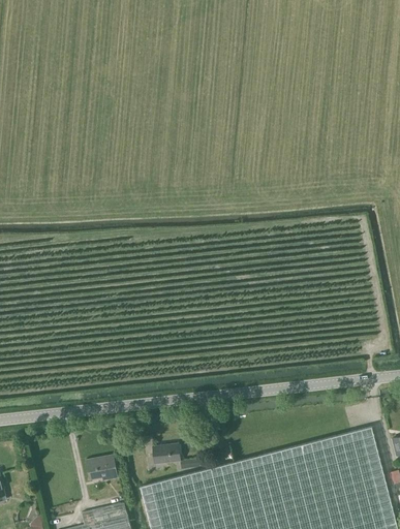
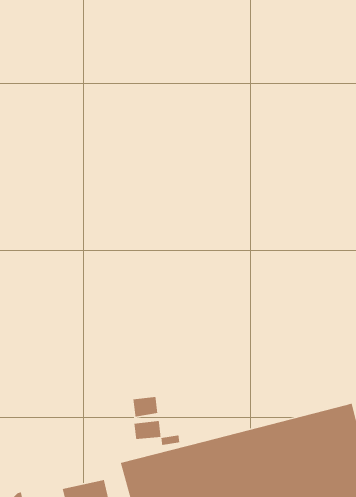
building: none -> [133,396,158,417]
building: [86,455,116,478] -> none

